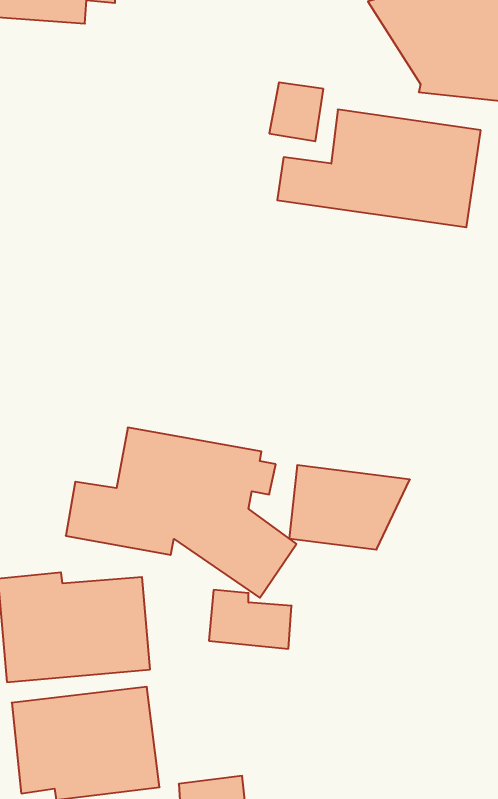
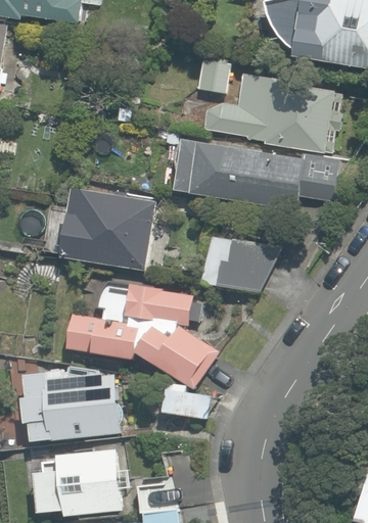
building: none -> [173,143,338,208]
building: none -> [57,187,153,270]
building: [289,465,410,550] -> [202,237,280,291]

